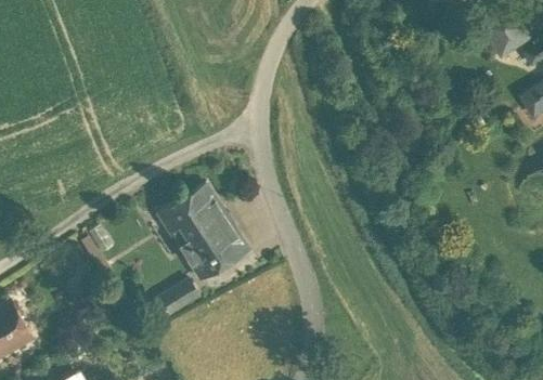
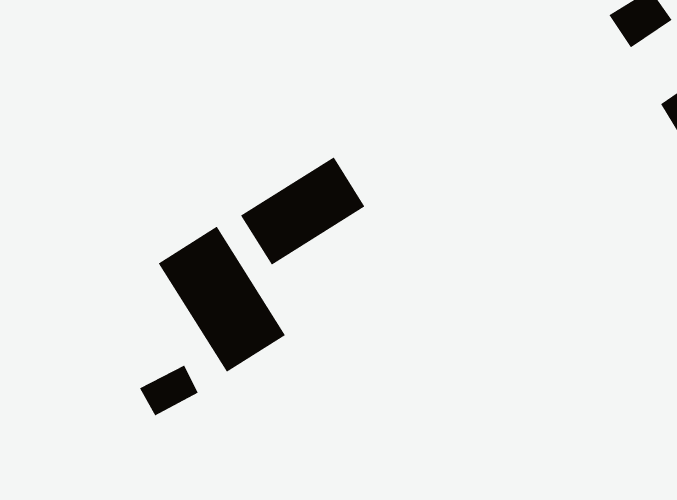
building: none -> [240,156,365,266]

